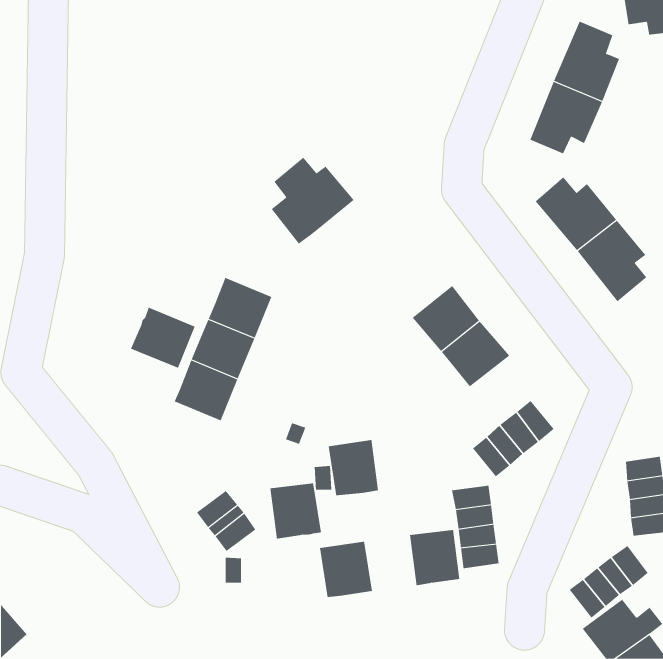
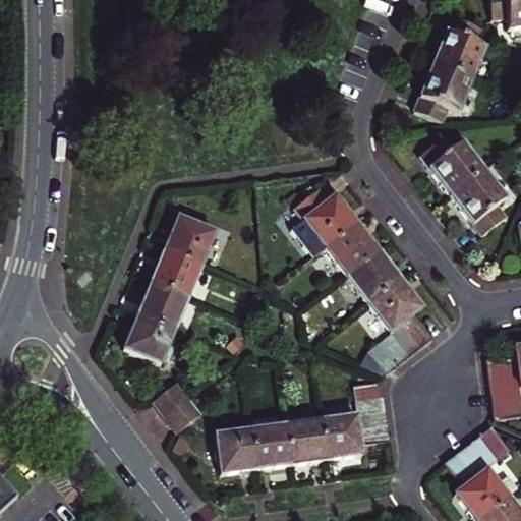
building: [271,157,355,244] -> [291,188,356,256]
building: [130,307,195,368] -> [125,312,176,360]
building: none -> [369,277,422,328]
building: [328,440,379,496] -> [288,416,328,460]
building: [270,483,322,539] -> [218,426,258,470]

